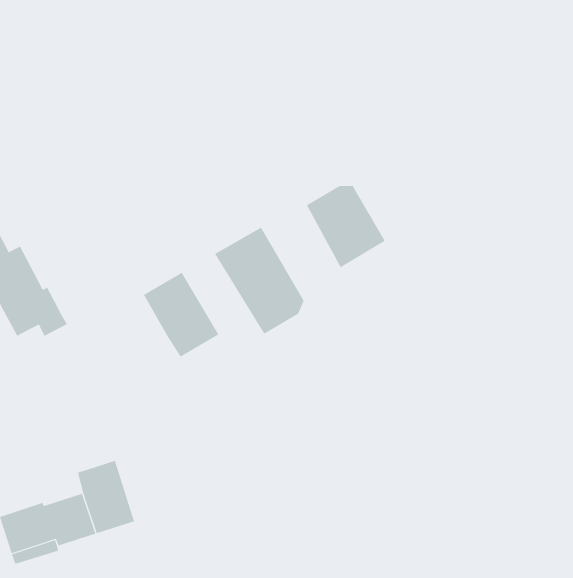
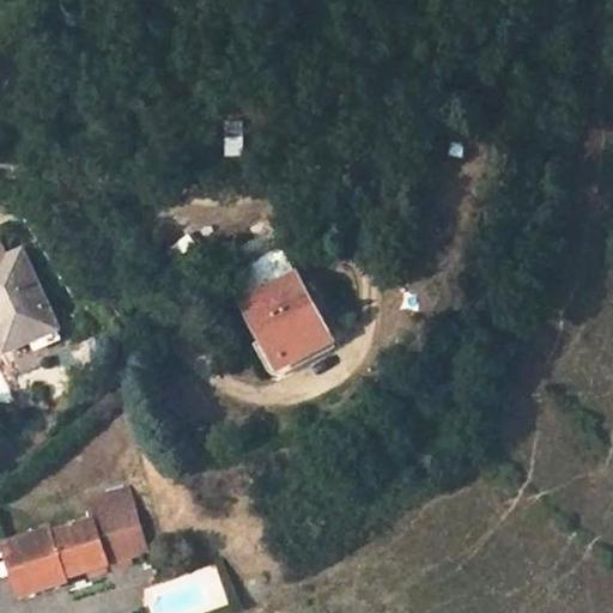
building: [306,185,385,268] -> none
building: [143,272,219,357] -> none

